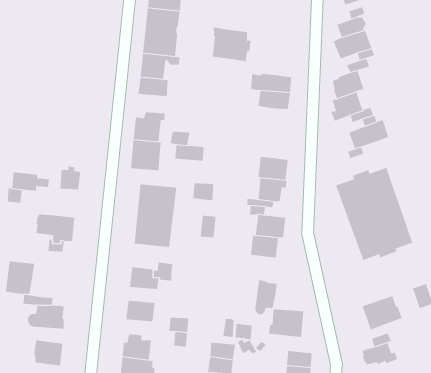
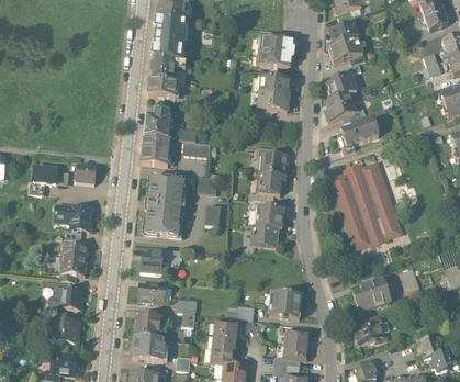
building: [212,27,251,62] -> [258,35,294,67]
building: [5,261,35,294] -> [60,246,88,277]
building: [255,279,277,315] -> none

